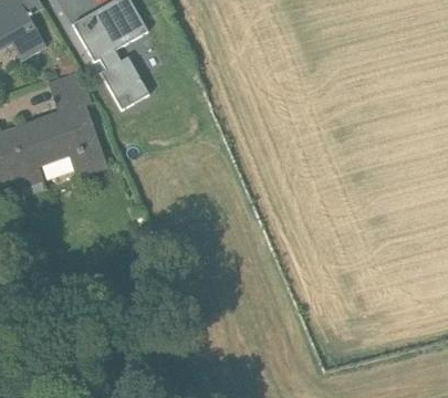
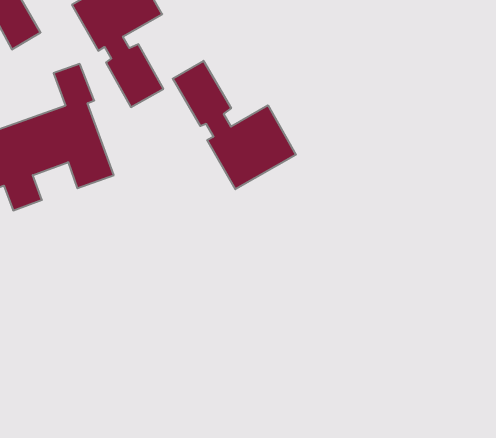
building: none -> [173,61,296,189]

